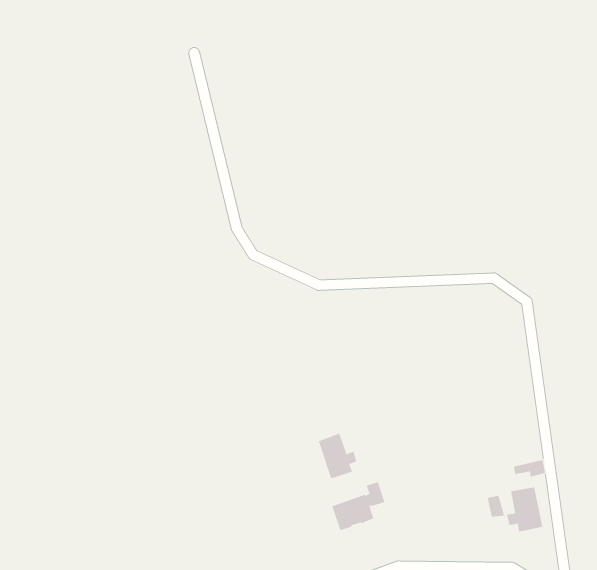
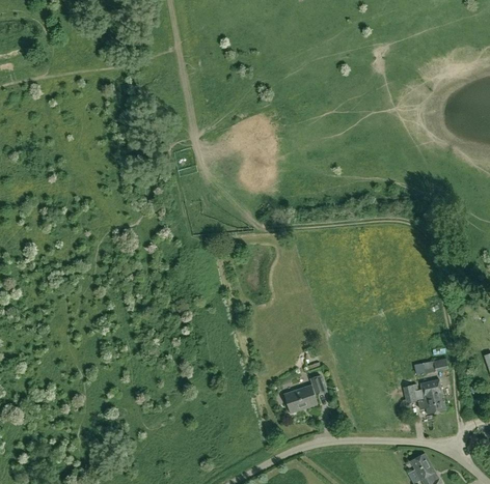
building: [318,433,357,479] -> none

